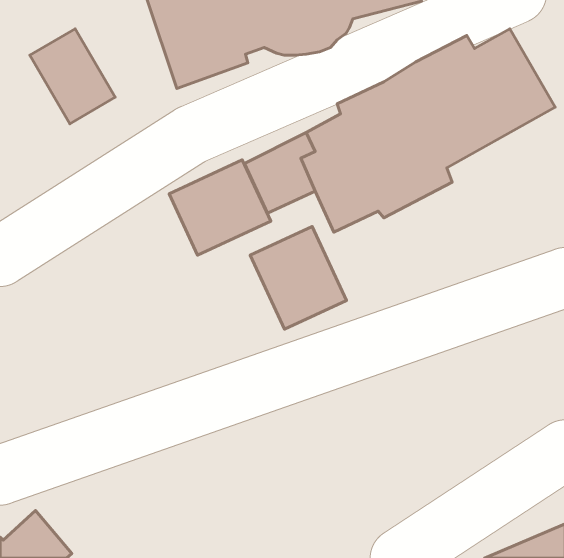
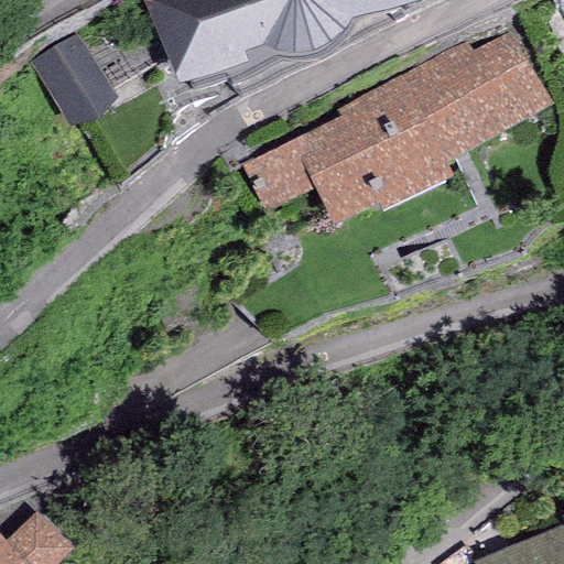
building: [169,160,271,255] -> none
building: [250,227,347,329] -> none

